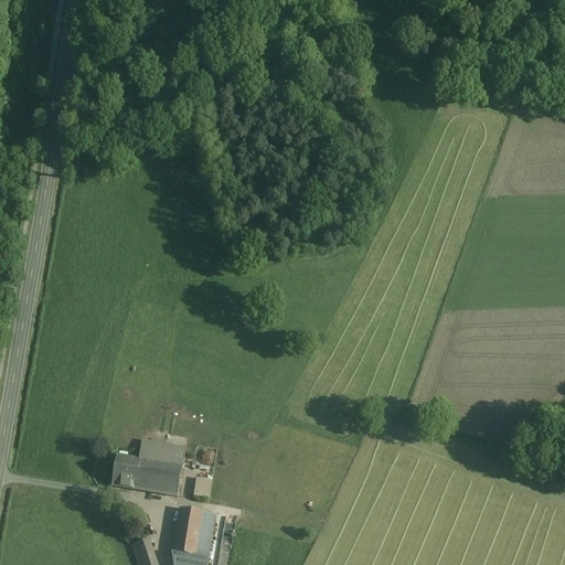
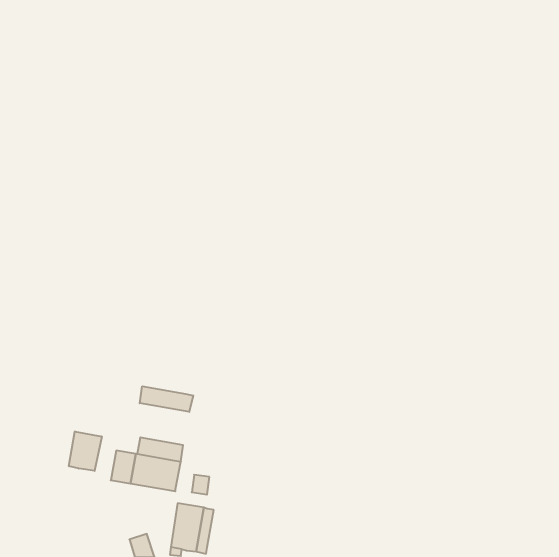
building: none -> [140,386,193,412]
building: none -> [69,431,102,471]

